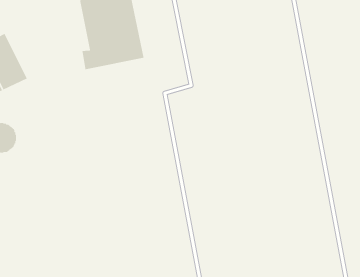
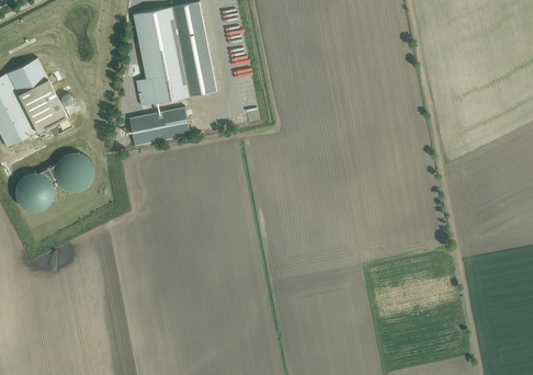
building: none -> [128,106,191,146]
building: none -> [54,152,94,192]

